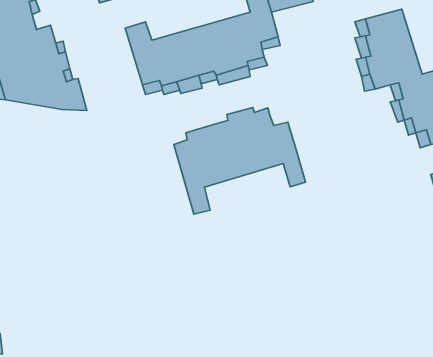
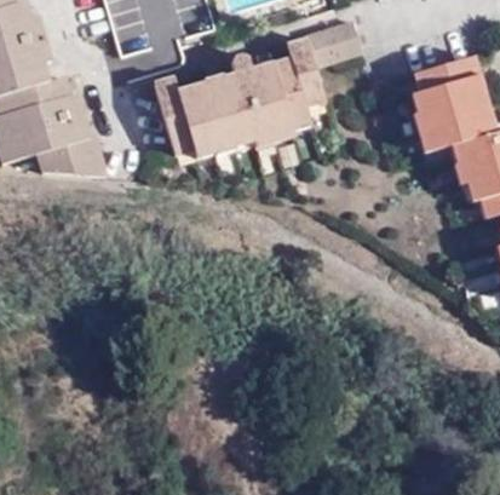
building: [174,107,306,214] -> none

